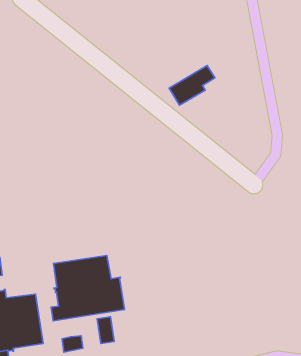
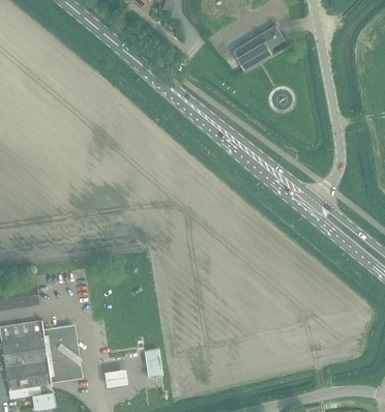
building: [169,65,215,105] -> [233,26,283,69]
building: [51,255,125,321] -> none

